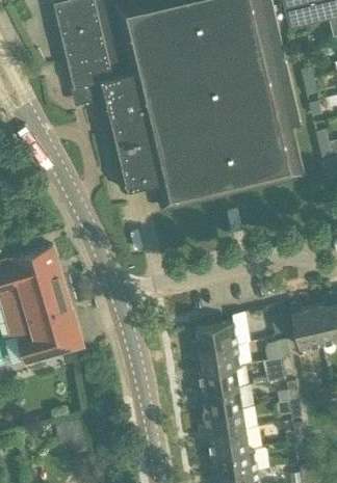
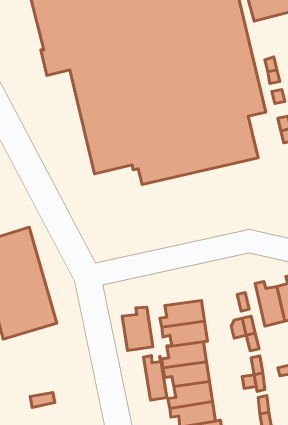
building: none -> [122,307,153,351]
building: none -> [143,355,167,400]

